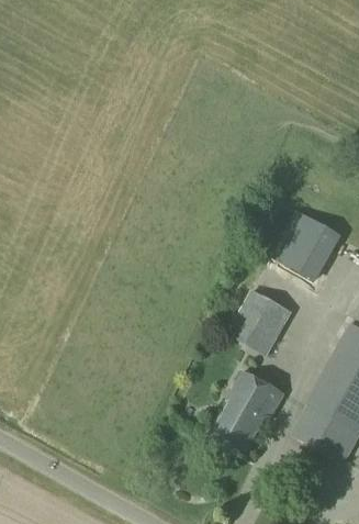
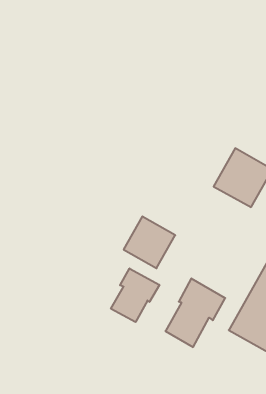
building: [228,289,292,353] -> [124,216,175,268]
building: none -> [111,268,159,322]

